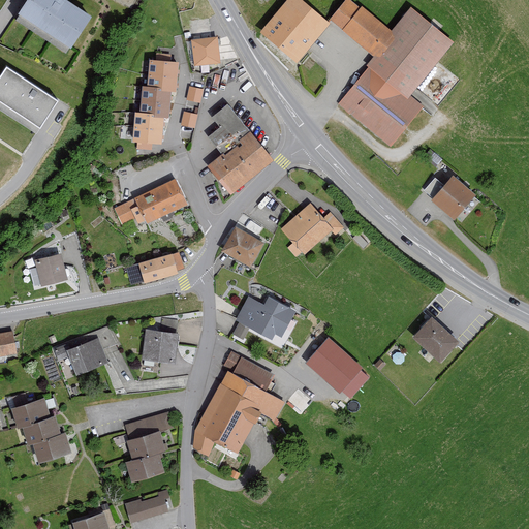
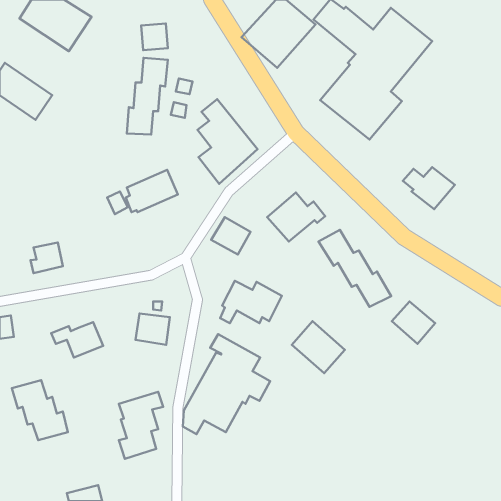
building: [192,38,220,66] -> [141,24,168,50]
building: none -> [318,230,391,307]
building: [139,254,181,282] -> none
building: [125,494,166,522] -> none

